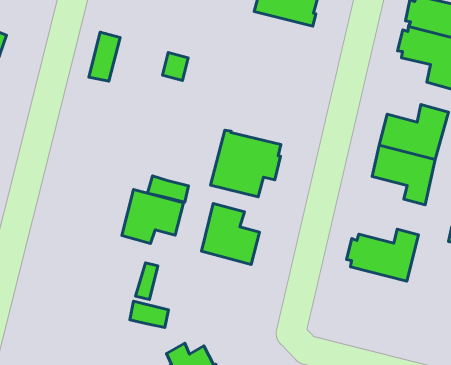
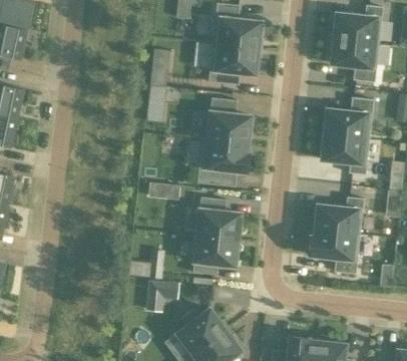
building: none -> [208,43,259,84]
building: [89,32,120,81] -> [149,48,169,85]
building: none -> [207,97,252,143]
building: [122,189,183,244] -> [192,235,237,275]
building: none -> [308,231,359,274]

